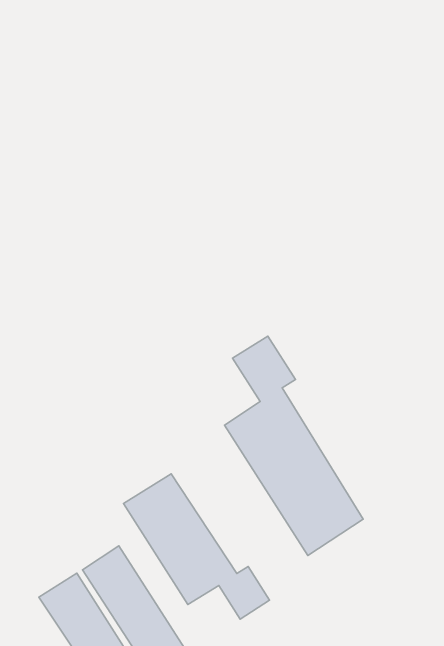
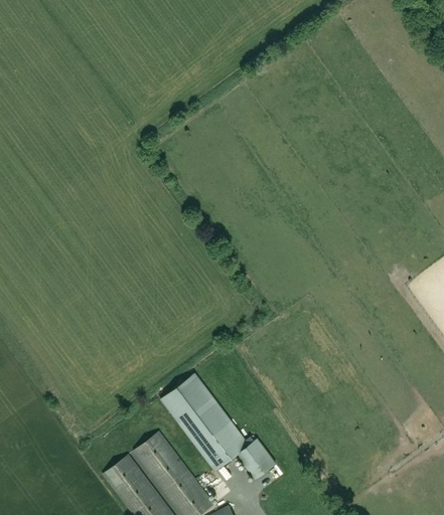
building: [225,336,363,555] -> none

